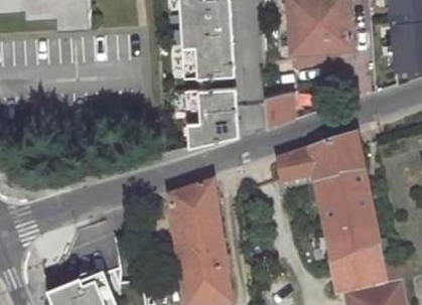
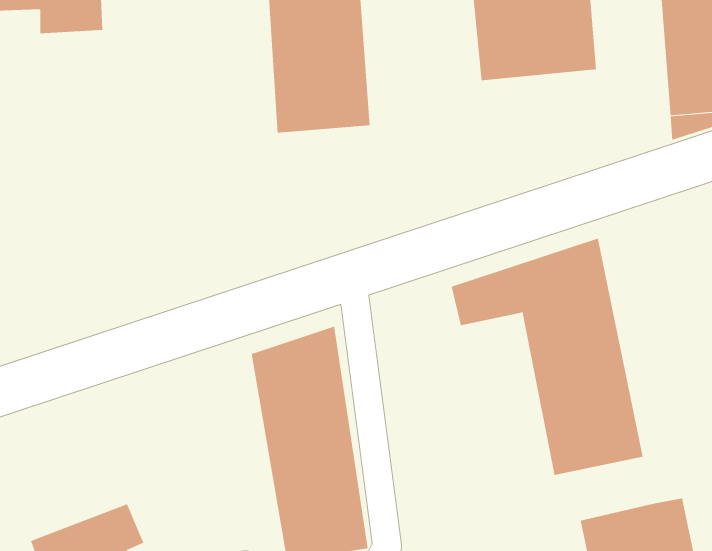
building: [185,87,237,146] -> none
building: [264,90,293,128] -> none
building: [332,253,386,289] -> none

